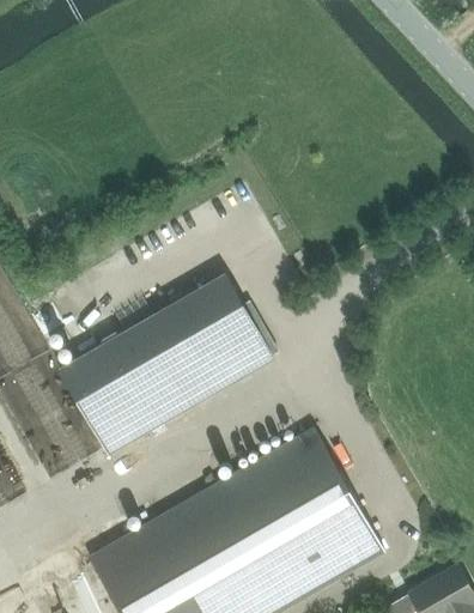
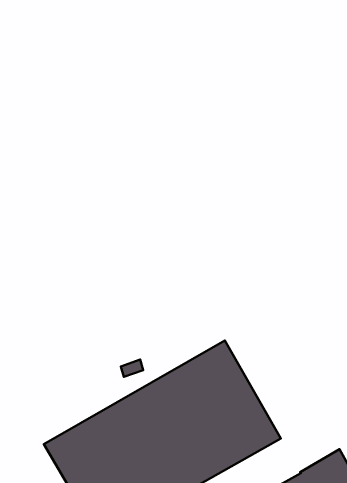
building: [59,274,273,453] -> none

